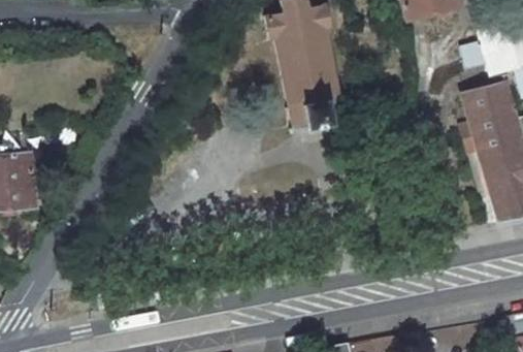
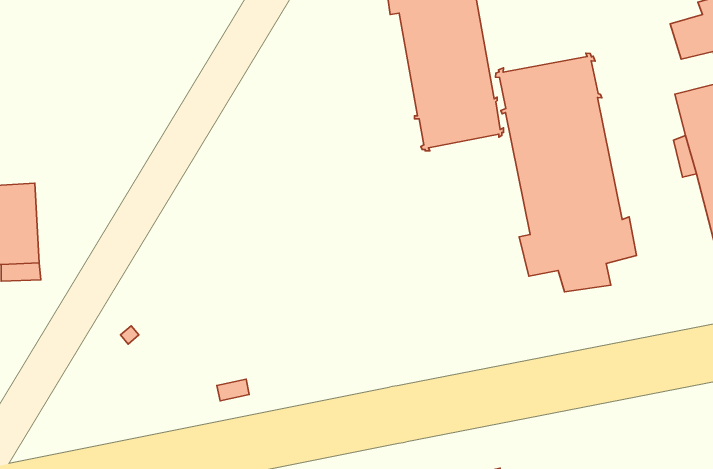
building: none -> [495,53,636,292]

